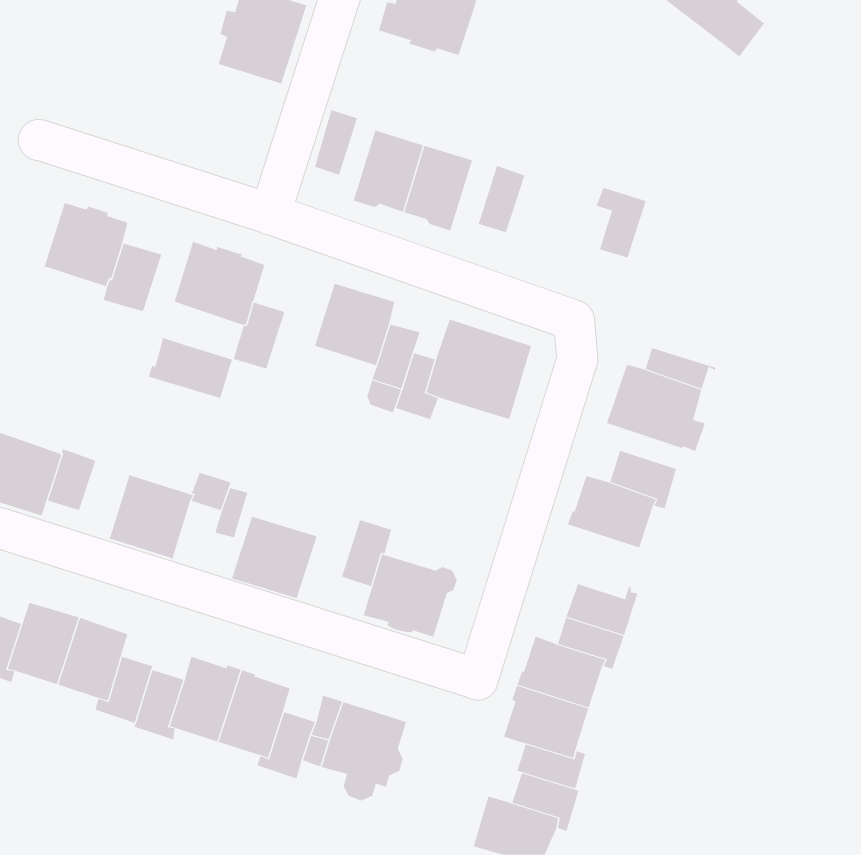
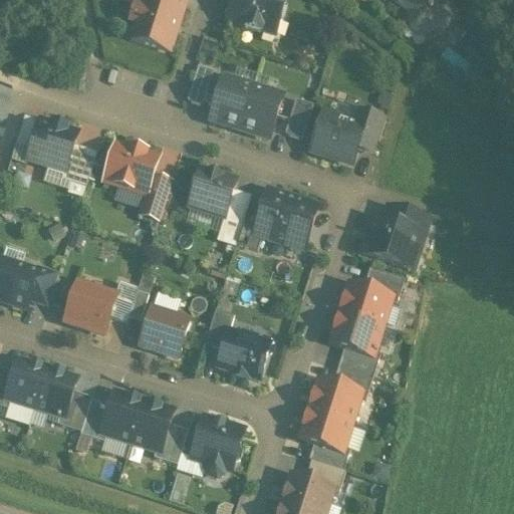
building: none -> [310,112,363,164]
building: [148,337,233,399] -> none
building: none -> [329,312,380,356]

